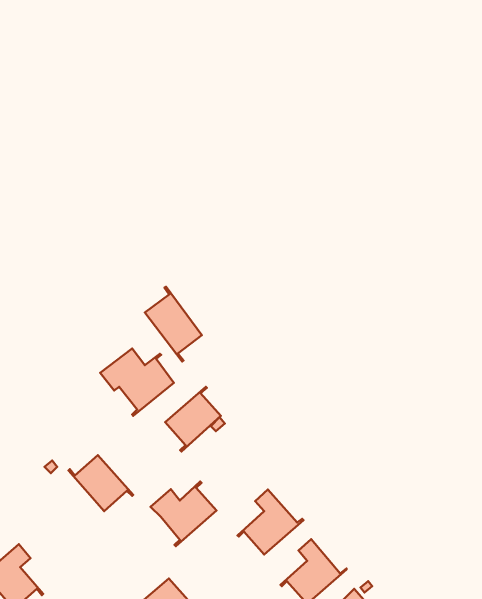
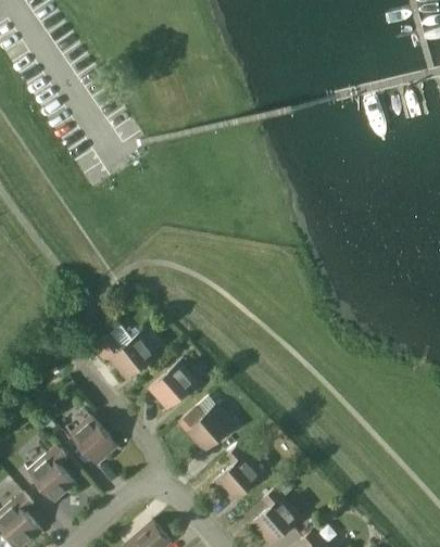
building: [145,287,202,361] -> none
building: [151,481,217,546] -> [178,400,235,456]
building: none -> [24,446,79,501]

